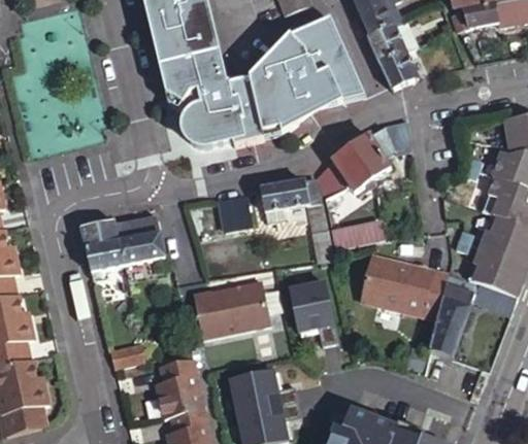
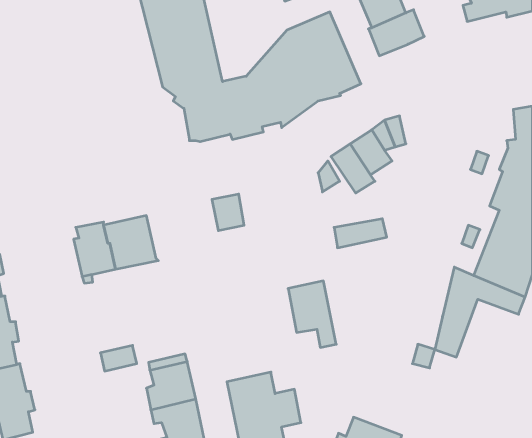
building: [377,53,417,91] -> none
building: [258,179,329,258] -> none
building: [363,249,450,314] -> none
building: [196,280,272,336] -> none

